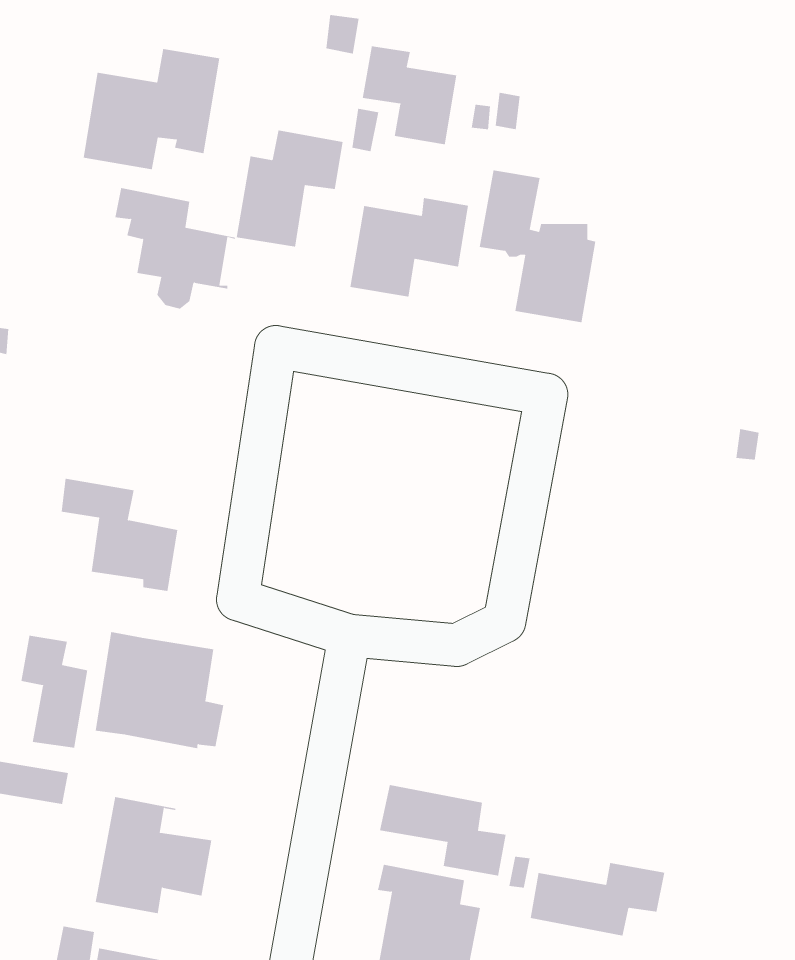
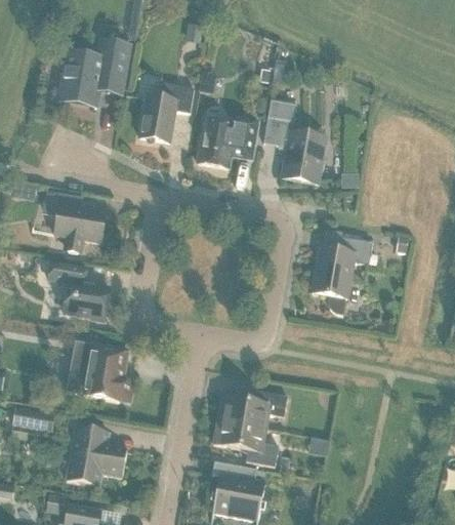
building: [362,45,457,145] -> none
building: [115,188,236,309] -> [43,190,106,252]
building: none -> [314,236,373,315]
building: [21,635,88,749] -> none
building: [530,863,665,936] -> [218,391,288,429]

